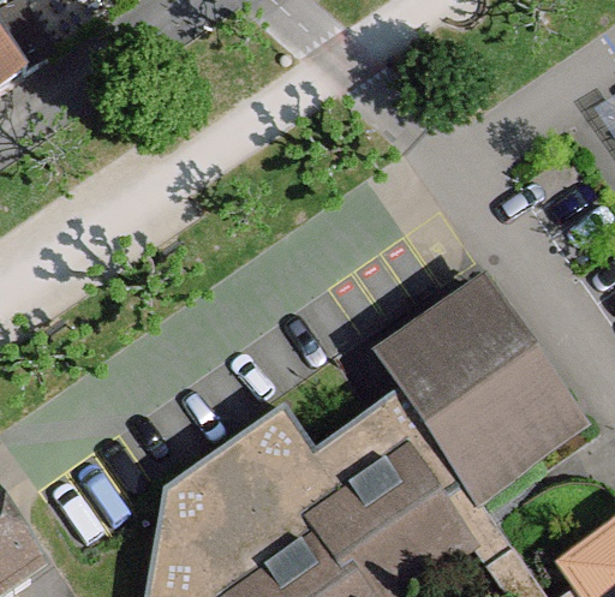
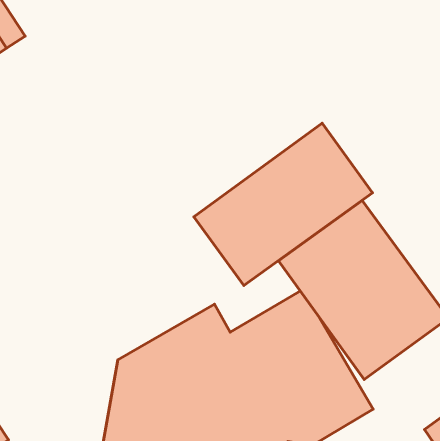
building: none -> [194,123,373,285]

